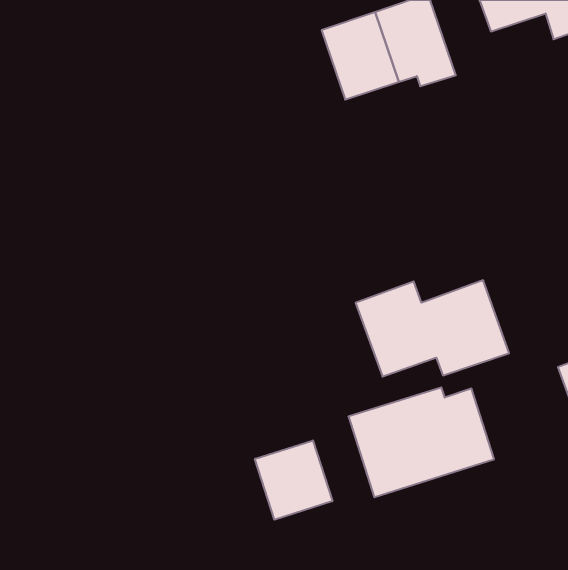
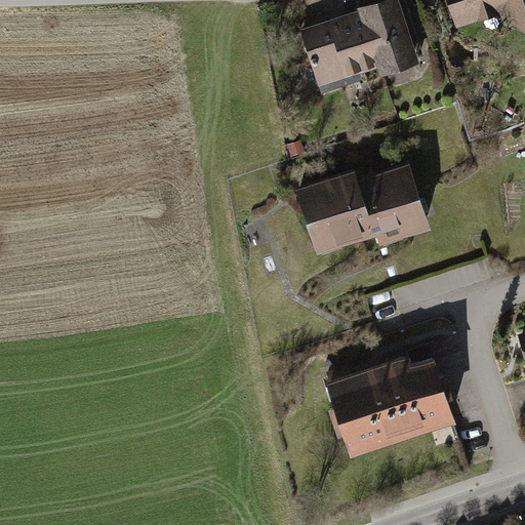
building: [356,280,509,377] -> [294,163,435,251]
building: [255,440,332,520] -> none

